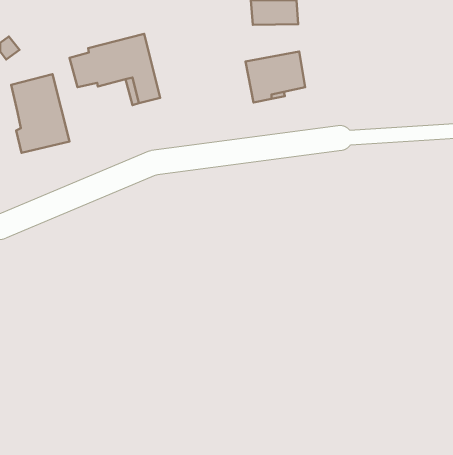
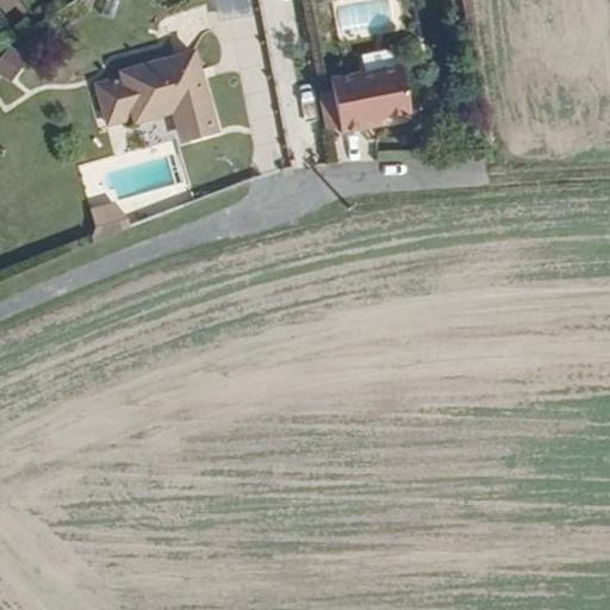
building: [11,74,69,153] -> none

